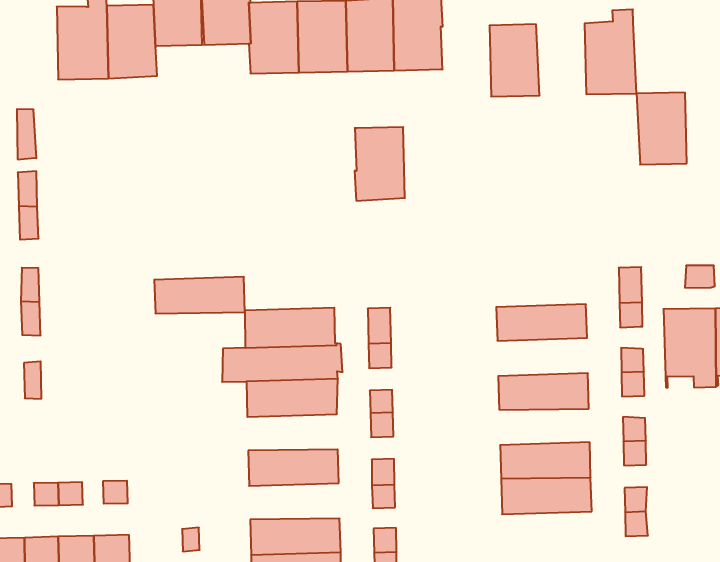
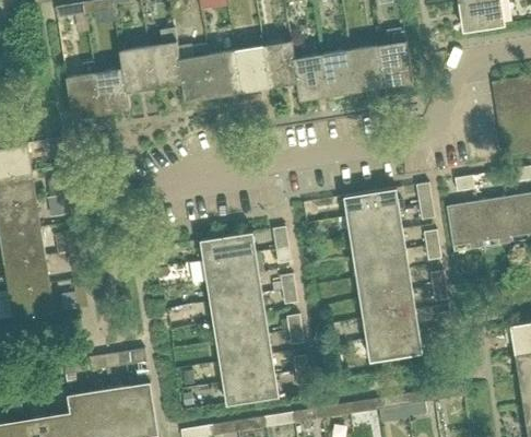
building: [637,93,687,165] -> [349,45,384,91]
building: [355,127,405,201] -> [293,54,328,101]
building: none -> [344,188,400,218]
building: [154,277,245,313] -> [210,294,266,322]
building: none -> [351,229,406,259]
building: none -> [357,271,413,299]
building: none -> [216,334,272,363]
building: none -> [367,331,423,361]

